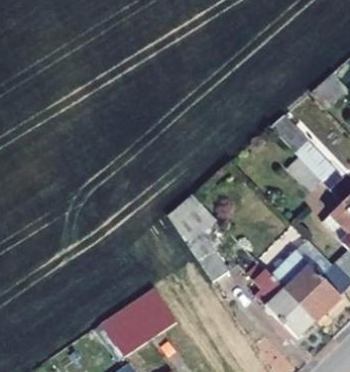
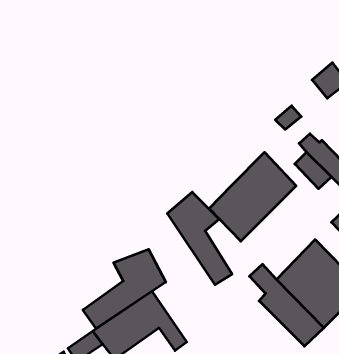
building: none -> [209,152,296,241]
building: none -> [83,249,166,329]

